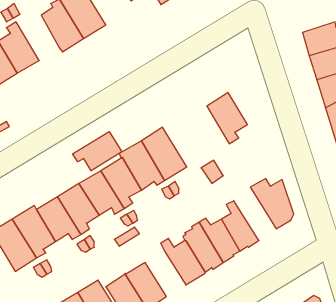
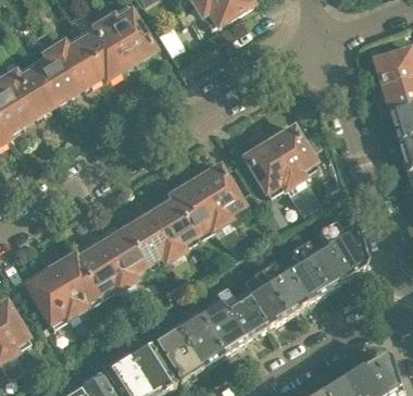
building: none -> [50,38,99,89]
building: none -> [240,140,290,190]
building: [73,132,122,171] -> none
building: none -> [296,242,343,292]
building: none -> [196,304,241,355]

